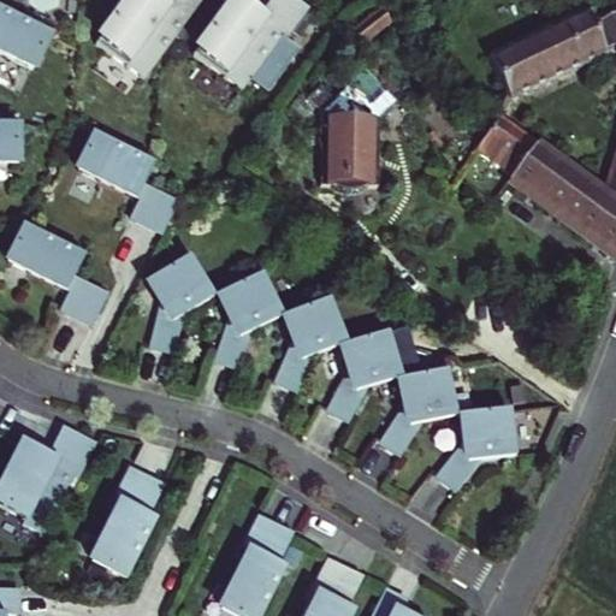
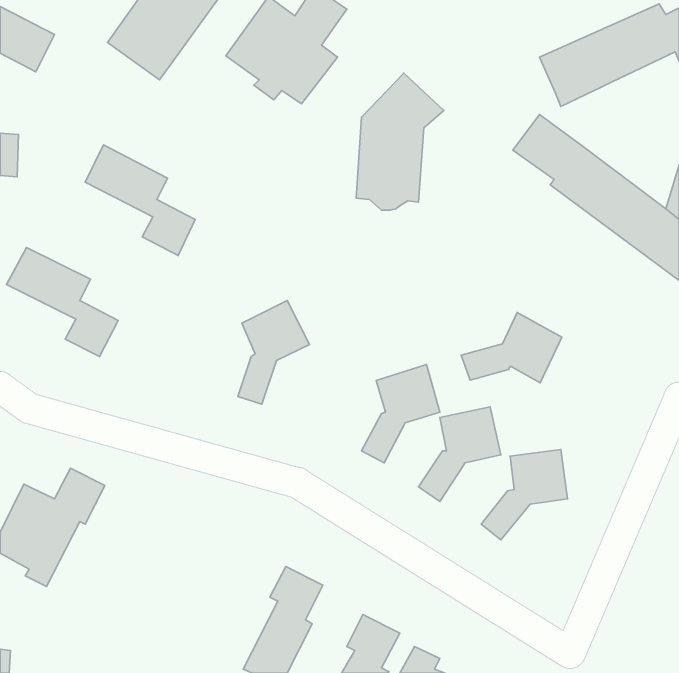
building: [147,254,211,350] -> none
building: none -> [461,313,562,383]
building: [276,296,344,389] -> none
building: [91,464,164,574] -> none

